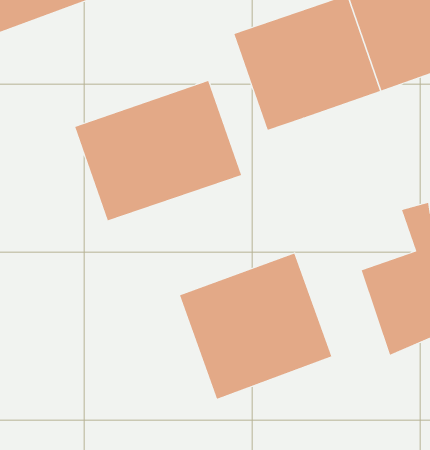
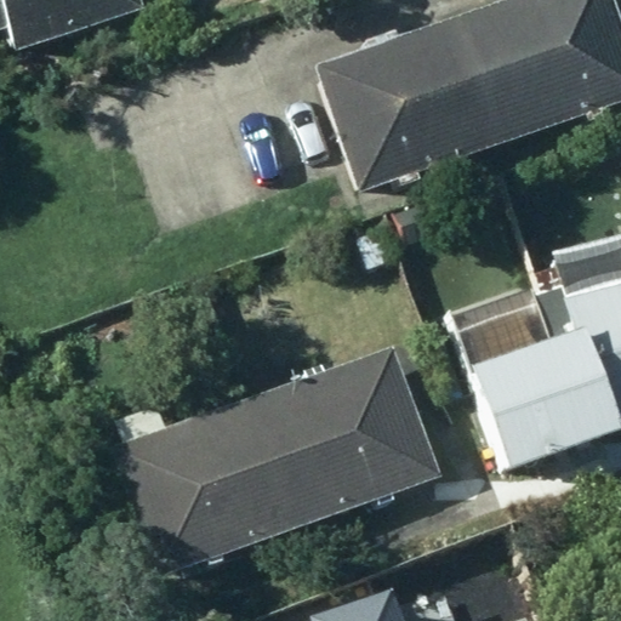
building: [74,80,242,221] -> none
building: none -> [112,395,295,579]

